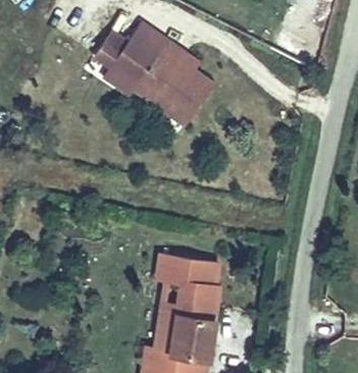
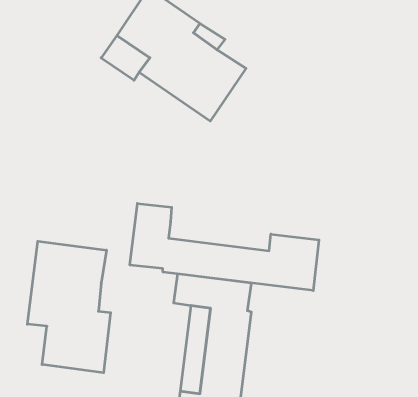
building: none -> [130,203,319,291]
building: none -> [27,241,111,373]

